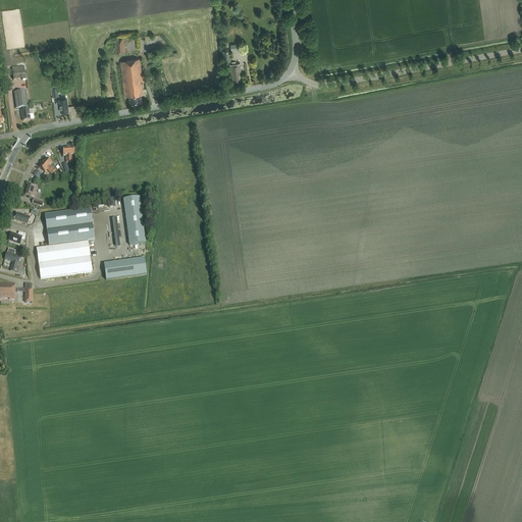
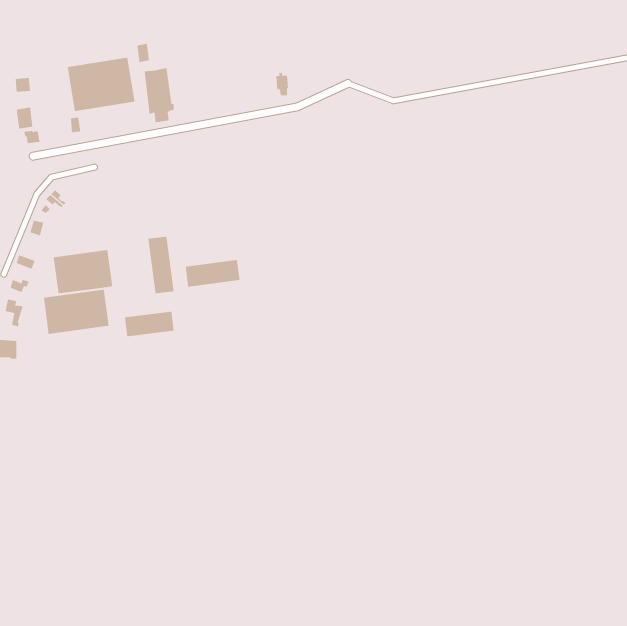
building: none -> [67,57,135,112]
building: none -> [185,259,240,287]

